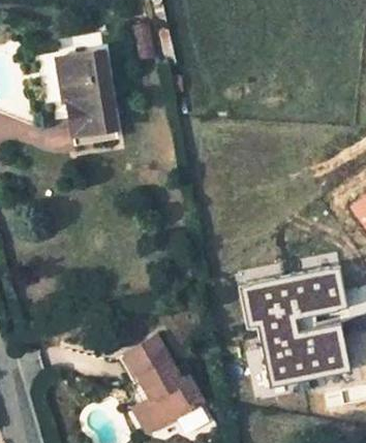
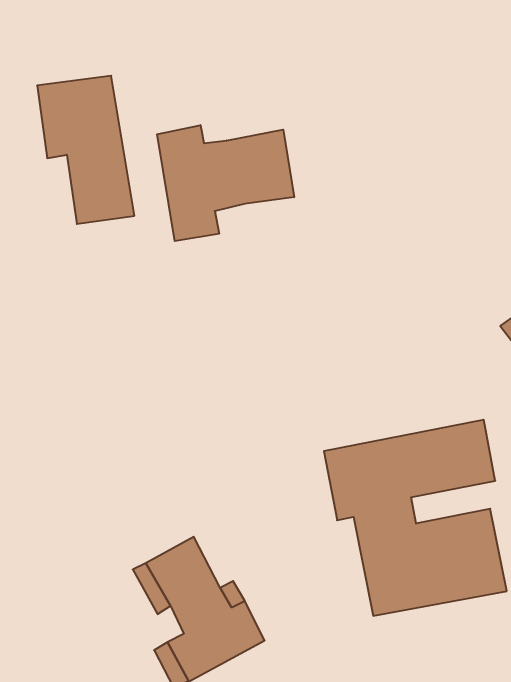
building: none -> [157,125,294,241]

